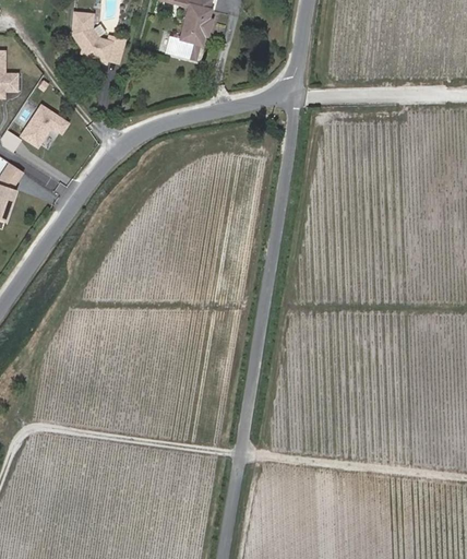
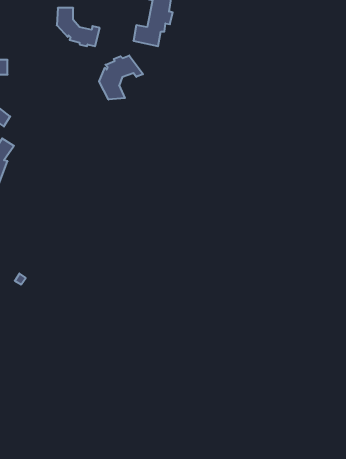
building: none -> [99,55,143,100]
building: [20,105,67,146] -> none

